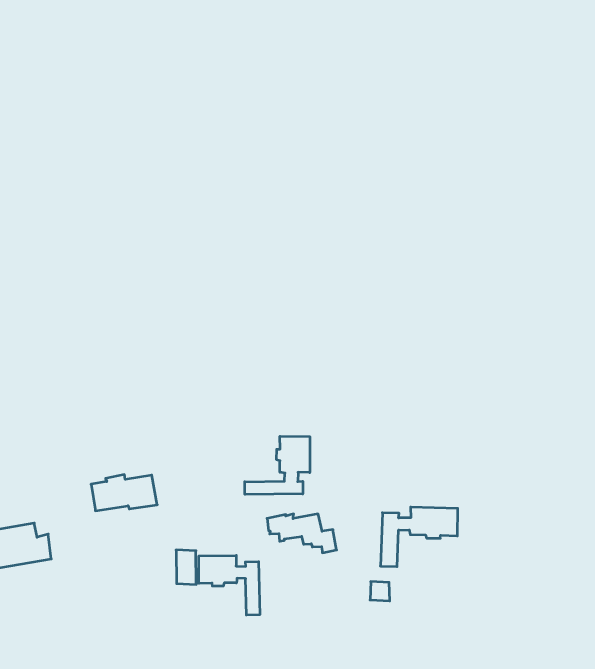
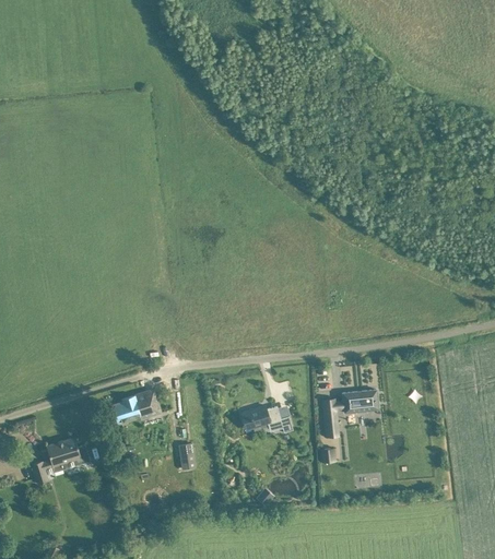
building: [245,436,310,494] -> none
building: [199,555,260,615] -> none

